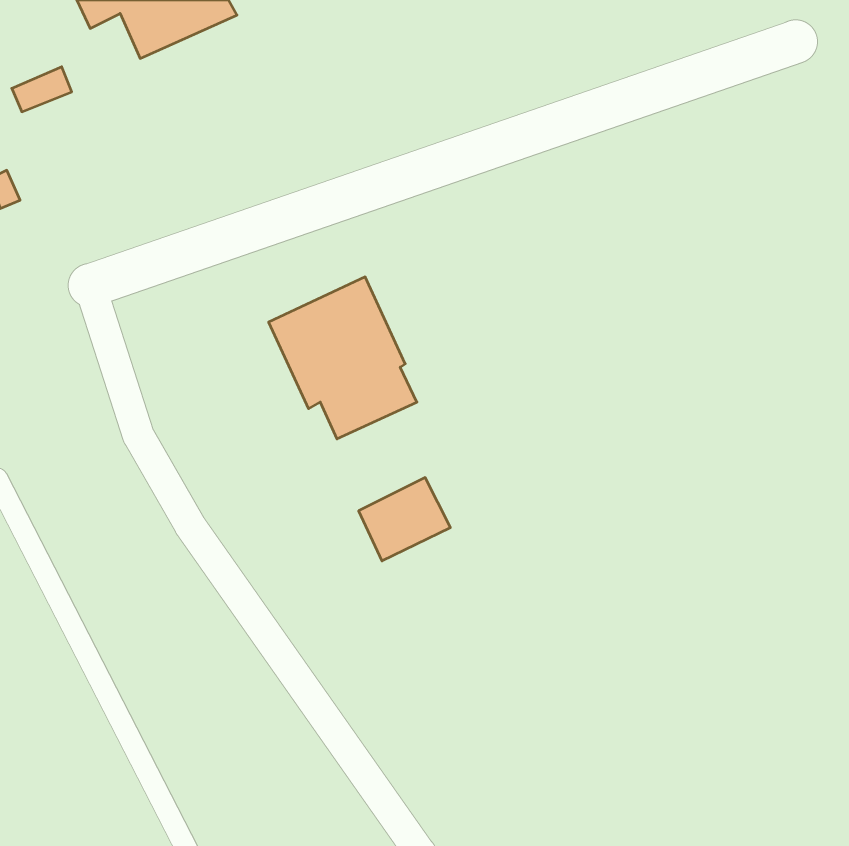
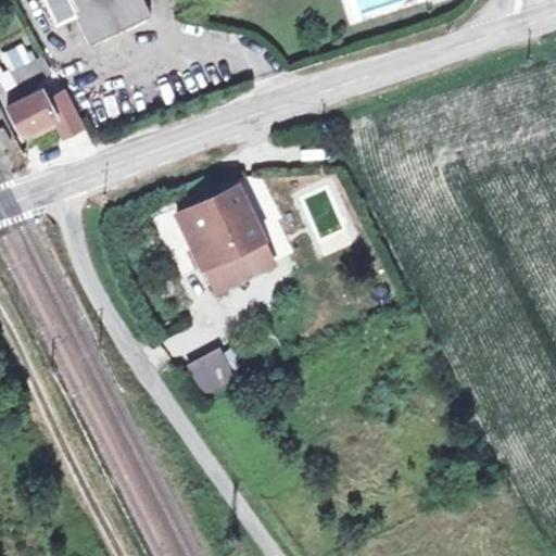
building: none -> [5,75,77,126]
building: [359,478,450,561] -> [184,345,243,400]

